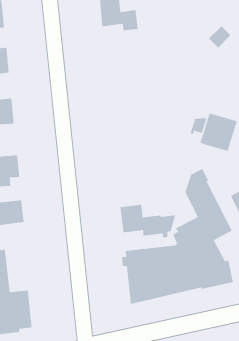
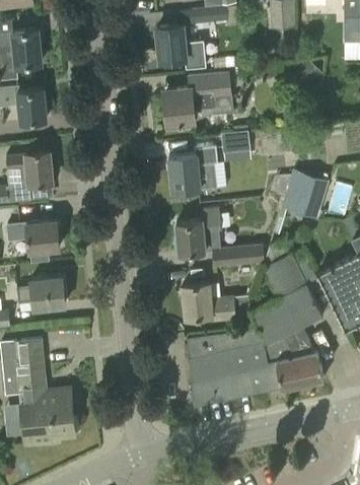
building: none -> [163,72,232,124]
building: none -> [221,131,250,153]
building: none -> [169,146,226,192]
building: none -> [176,207,264,266]

